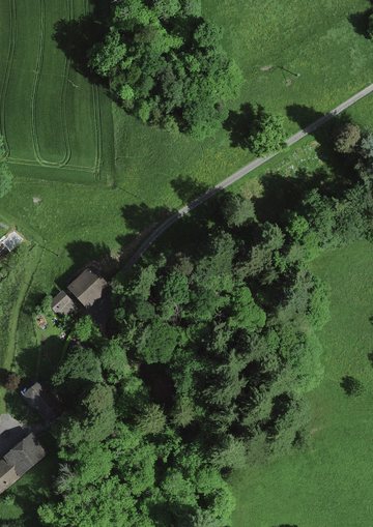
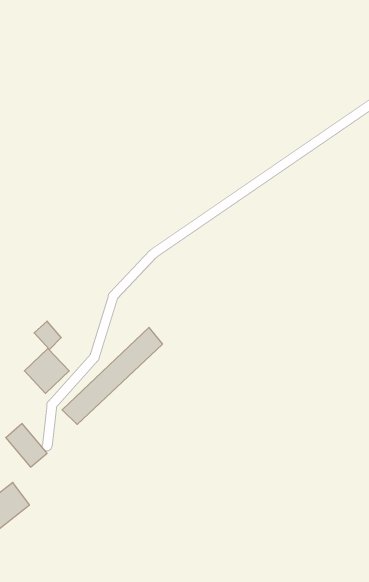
building: [70,266,110,305] -> [24,349,69,393]
building: none -> [62,327,162,424]

